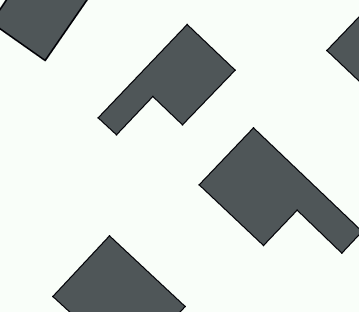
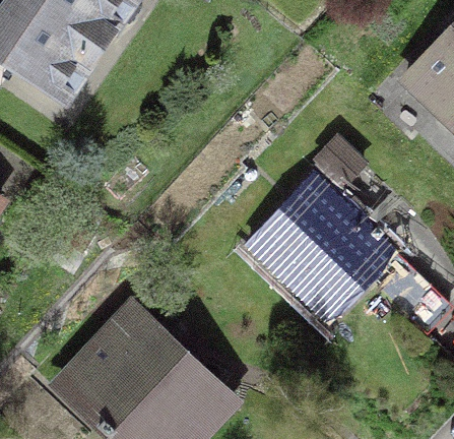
building: [98,24,235,135] -> none

